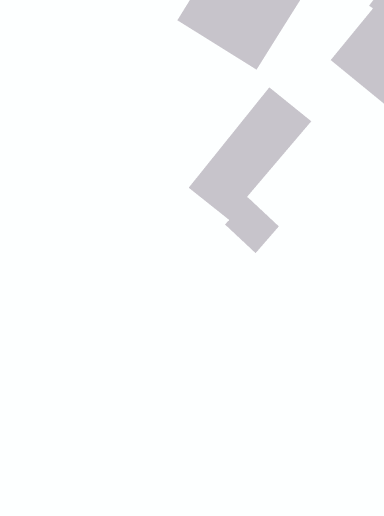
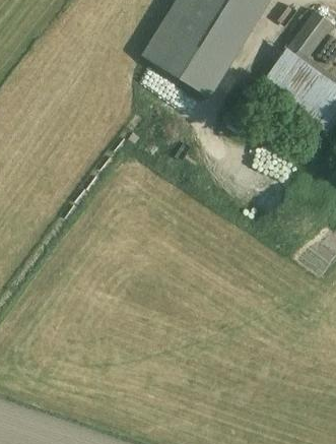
building: [188,86,312,254] -> none

